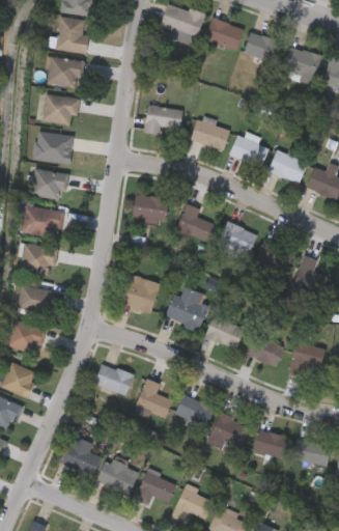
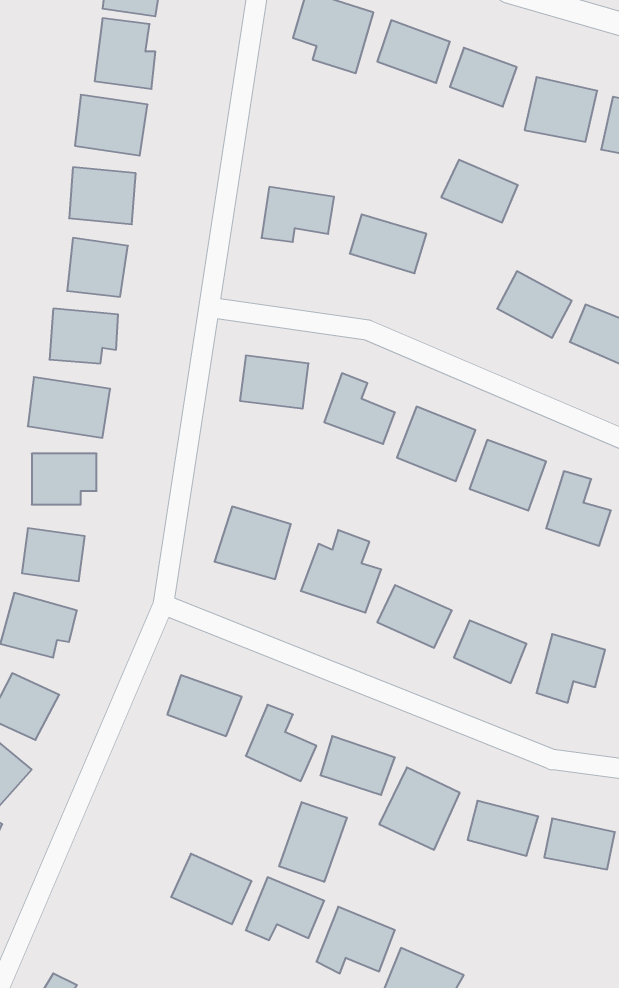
building: [229,135,270,168] -> [441,160,518,223]
building: none -> [279,802,347,882]
building: [59,435,101,477] -> none

